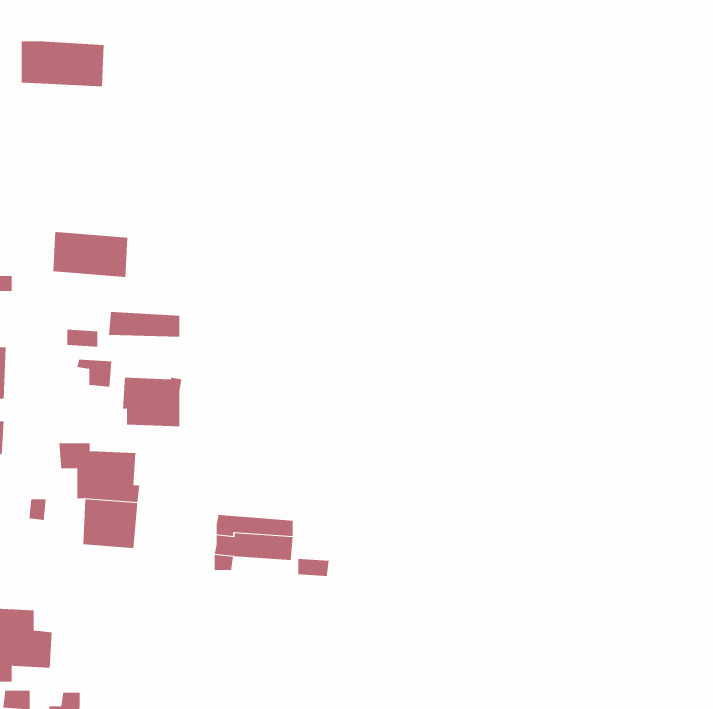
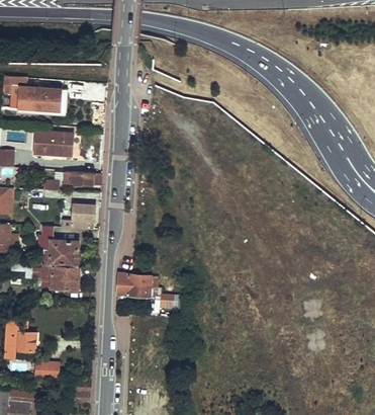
building: [21,41,105,87] -> [17,87,60,110]

